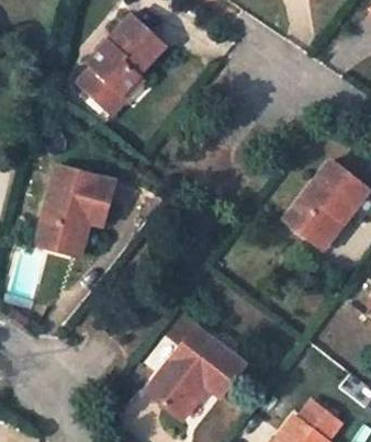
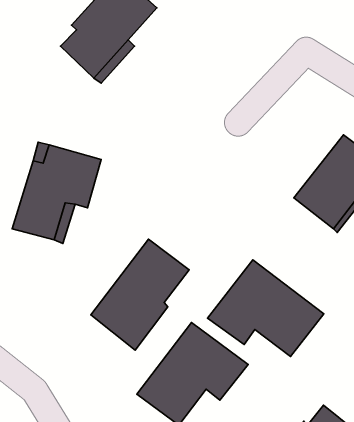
building: none -> [91,239,189,350]
building: none -> [207,260,324,357]

